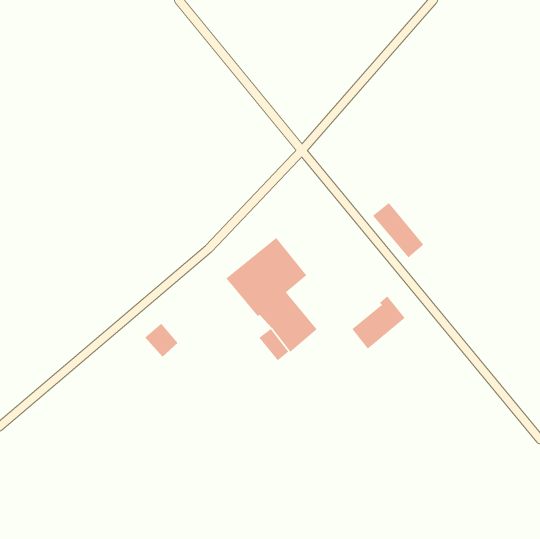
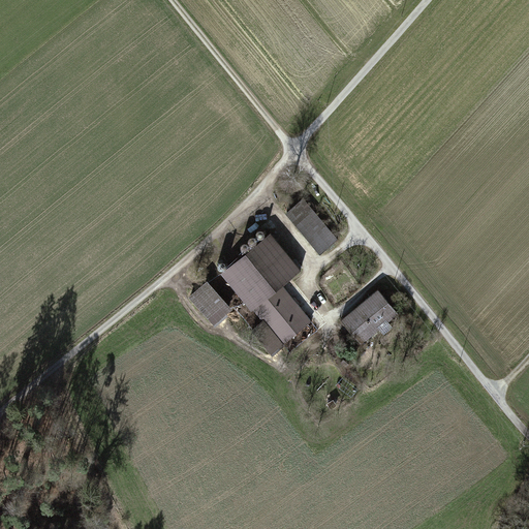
building: [372,202,424,258] -> [286,199,337,254]
building: [145,323,179,358] -> [189,285,222,319]

